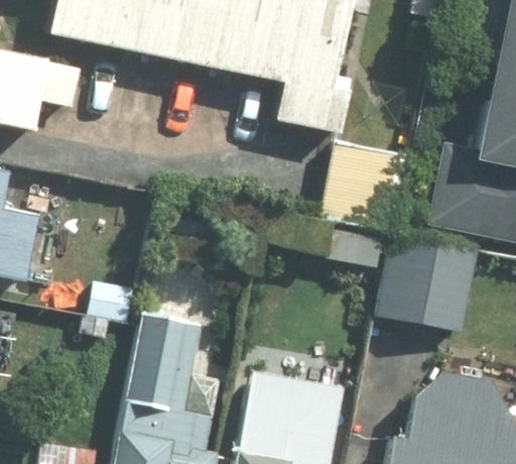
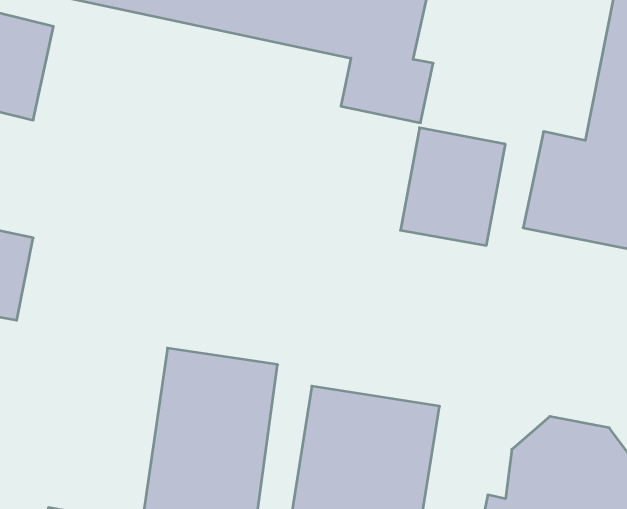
building: [378,239,479,337] -> none

